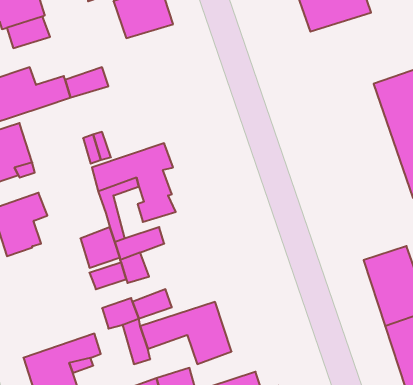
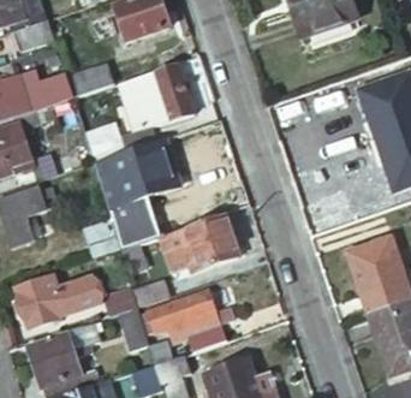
building: none -> [117,66,193,133]
building: none -> [160,213,239,273]
building: none -> [16,278,99,329]

